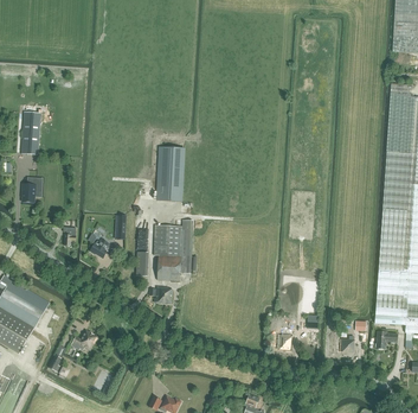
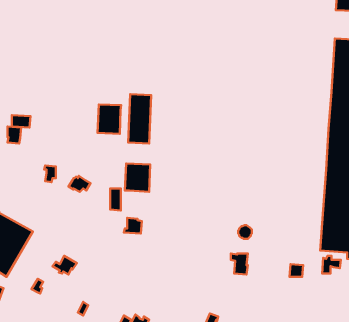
building: [20,112,39,154] -> none
building: none -> [98,104,121,134]
building: [156,255,180,280] -> none

